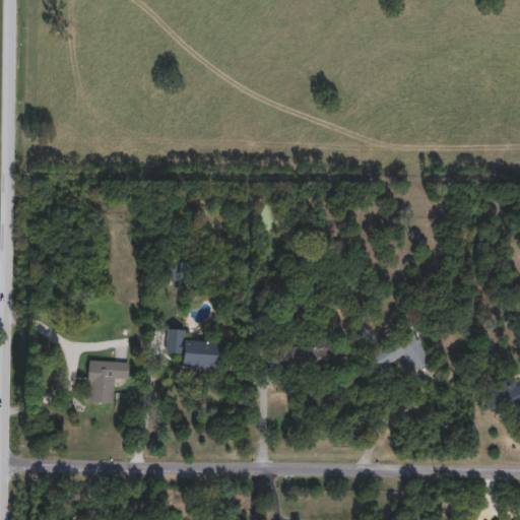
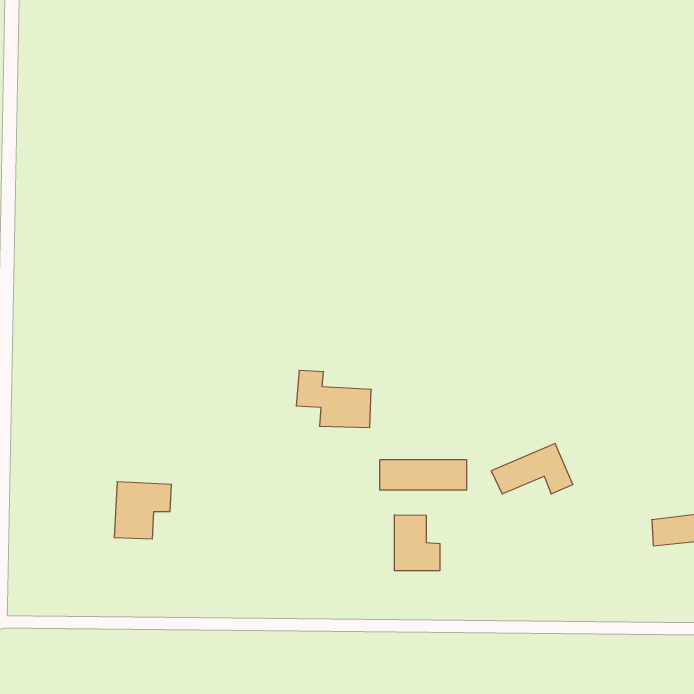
building: [166,327,221,370] -> [296,370,371,428]
building: none -> [395,515,440,571]

